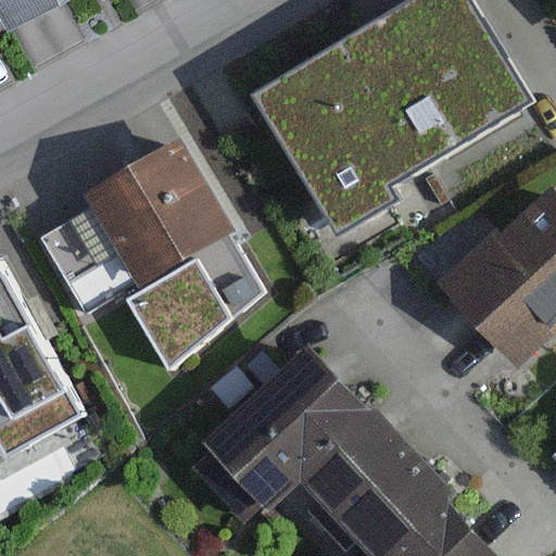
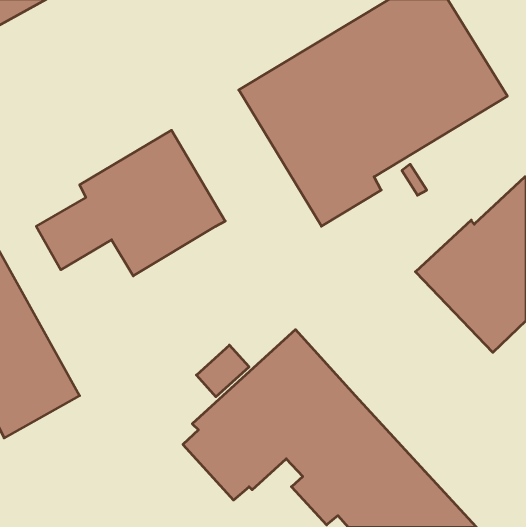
building: [126,238,262,374] -> none

